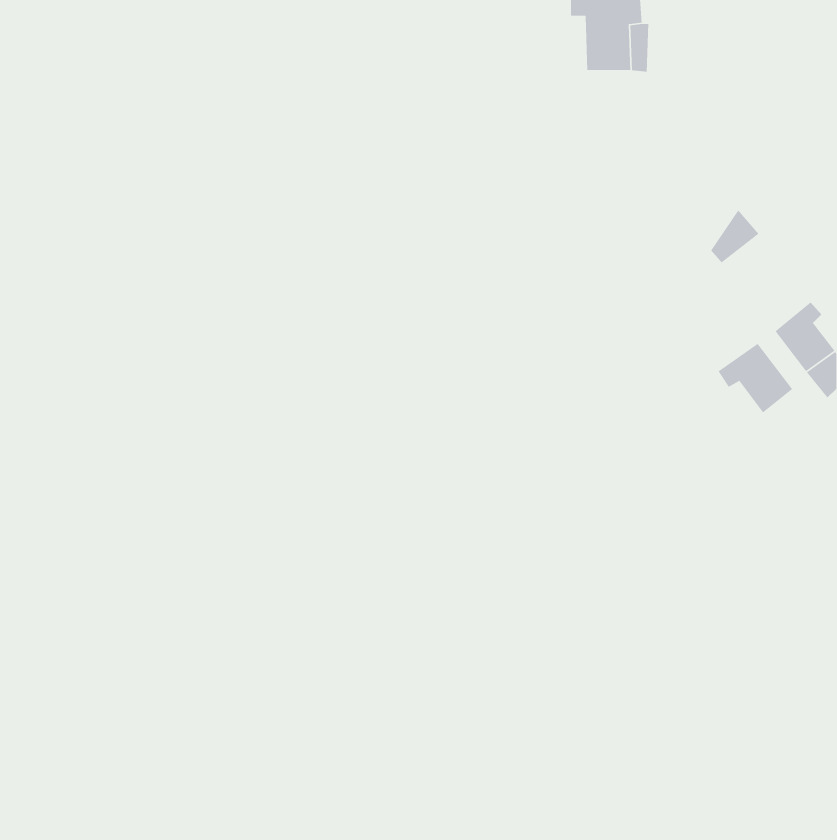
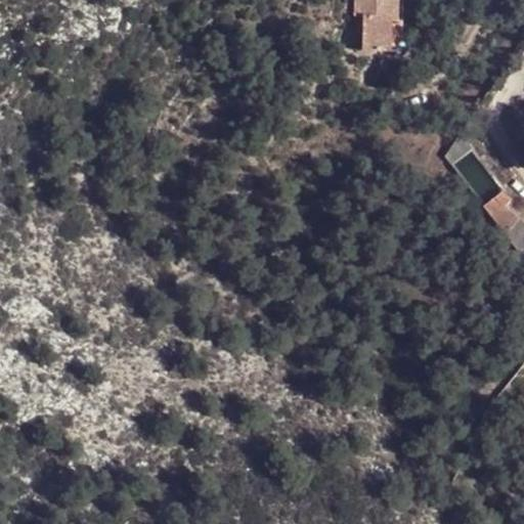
building: [717,343,793,413] -> none

